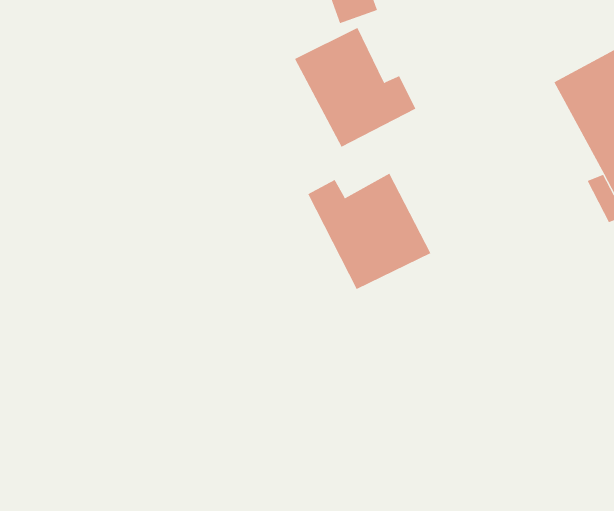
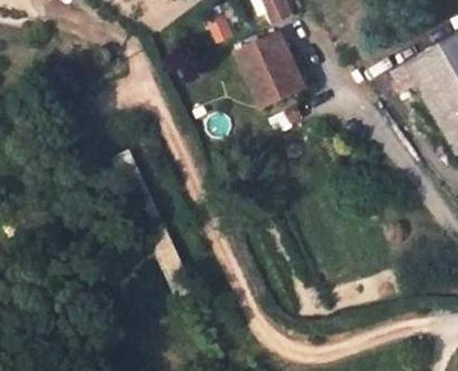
building: [307,173,431,290] -> none

